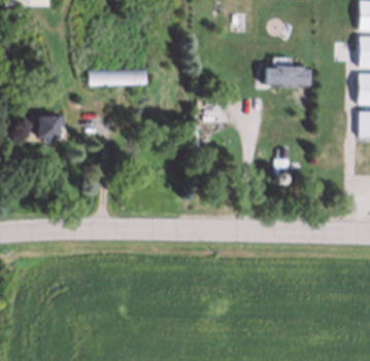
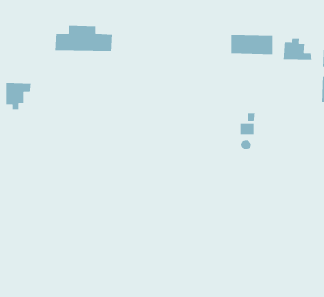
building: none -> [283,38,312,60]

